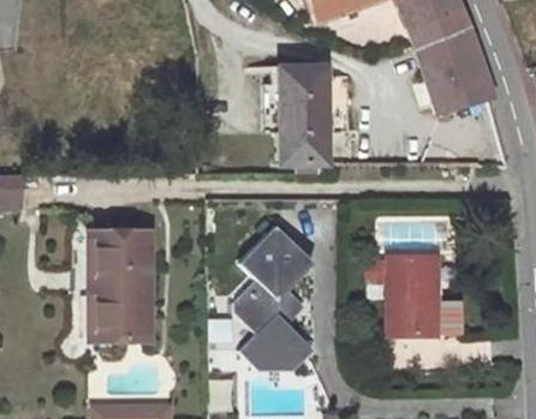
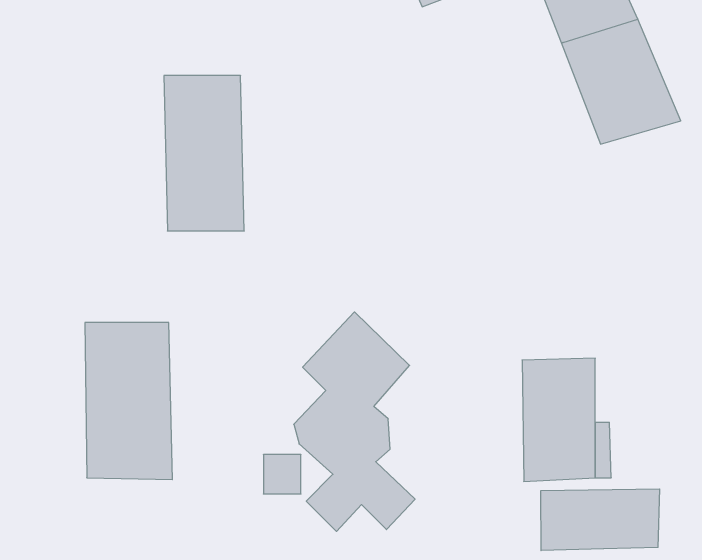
building: [276,65,330,169] -> [164,76,244,231]
building: none -> [541,489,659,551]

